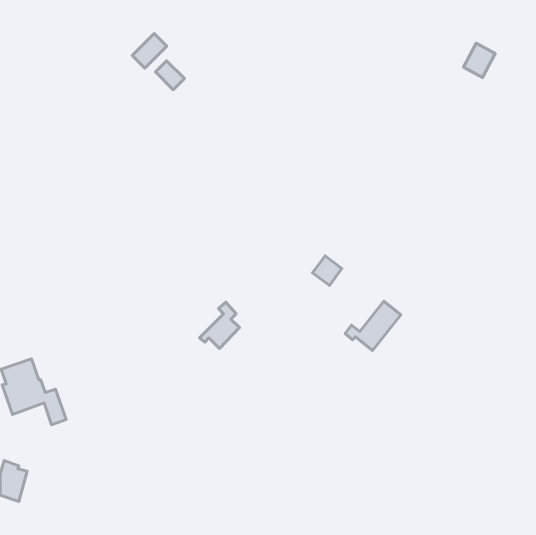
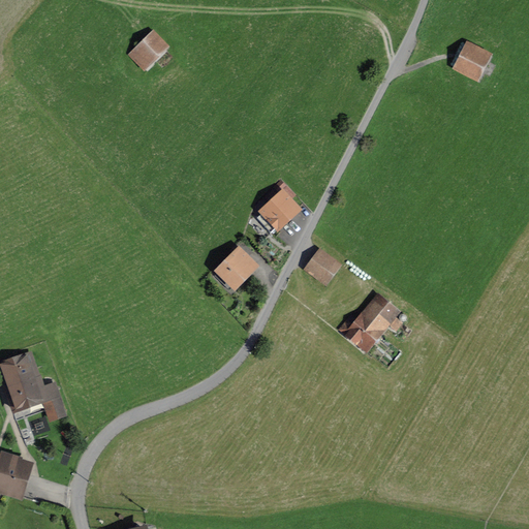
building: [155,61,184,90] -> none
building: none -> [262,192,298,226]
building: [199,302,239,348] -> [215,240,254,285]

